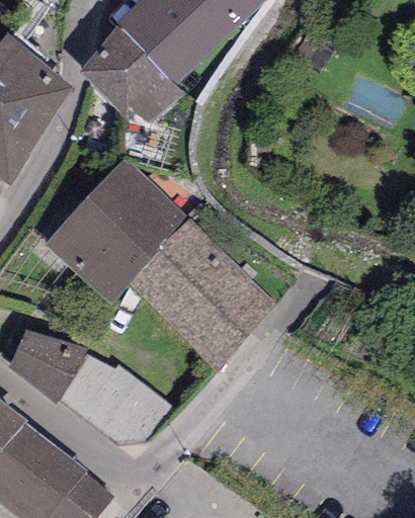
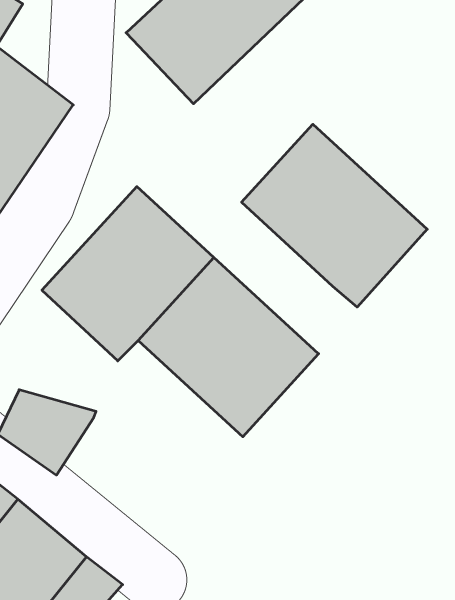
building: [81,28,178,122] -> none
building: none -> [242,124,427,307]
building: [57,352,172,441] -> none

